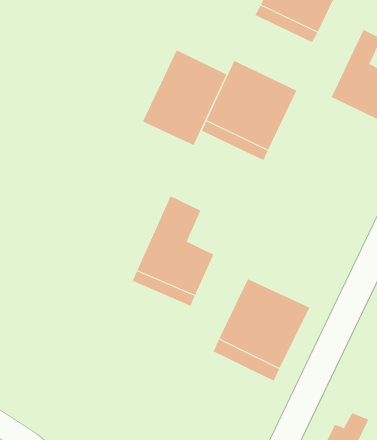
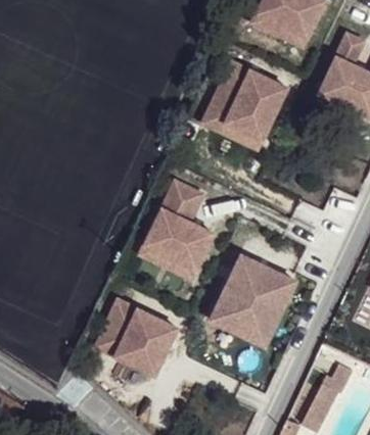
building: [142,50,227,146] -> none
building: none -> [95,297,177,373]

